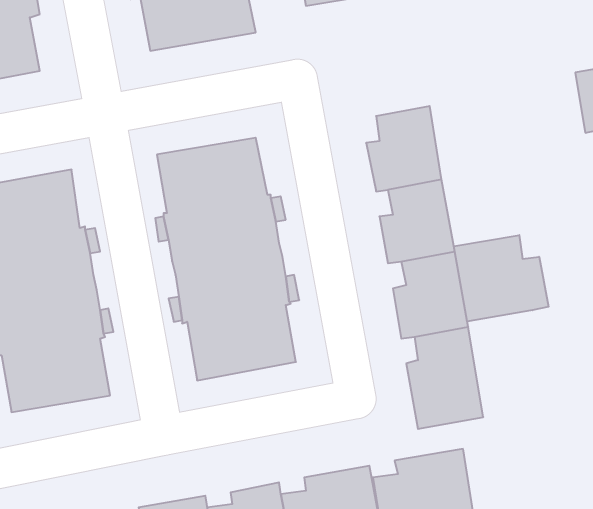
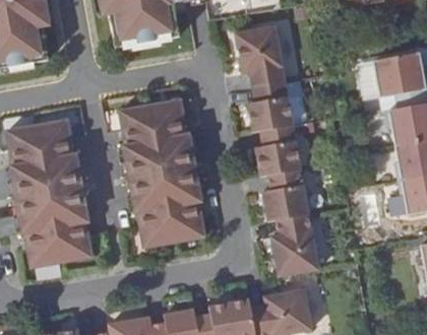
building: none -> [234,25,285,86]
building: [454,235,549,321] -> none

